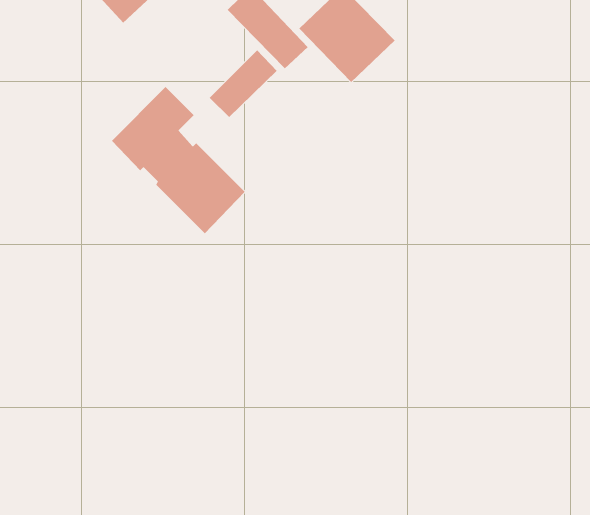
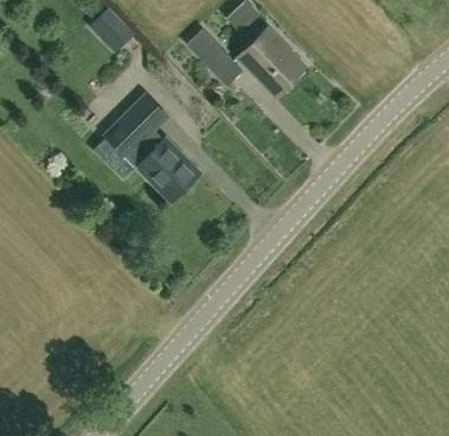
building: [209,50,278,118] -> none

